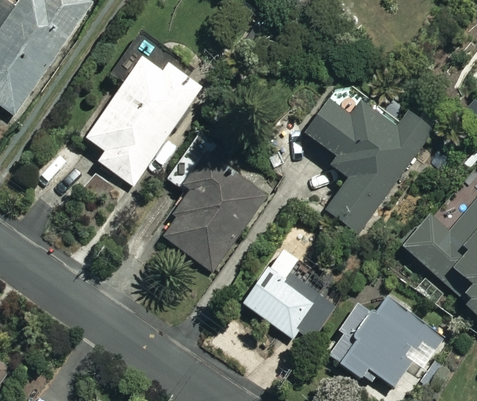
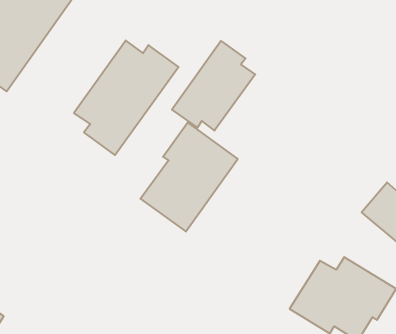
building: none -> [172,41,255,131]
building: [307,83,435,232] -> none
building: [245,250,328,336] -> none

